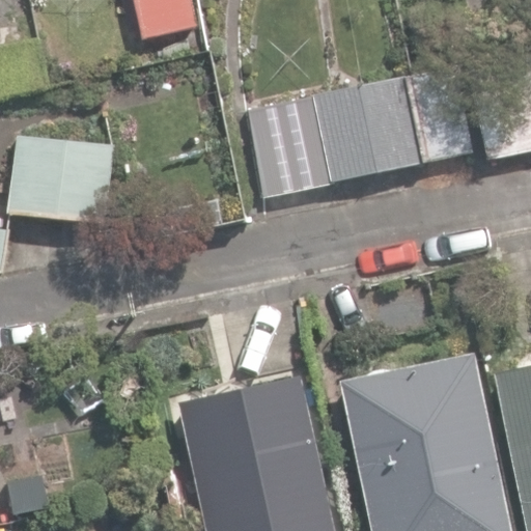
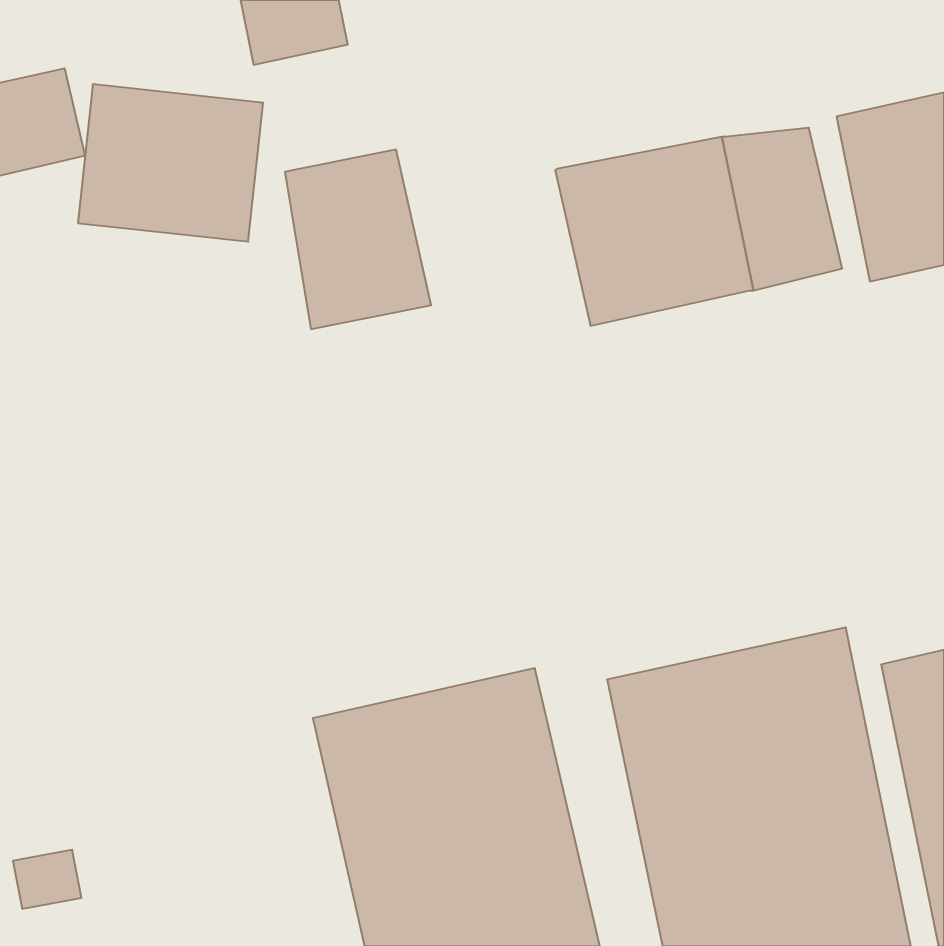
building: [249,95,331,196] -> [285,150,431,329]
building: [9,135,113,223] -> [78,84,263,242]

